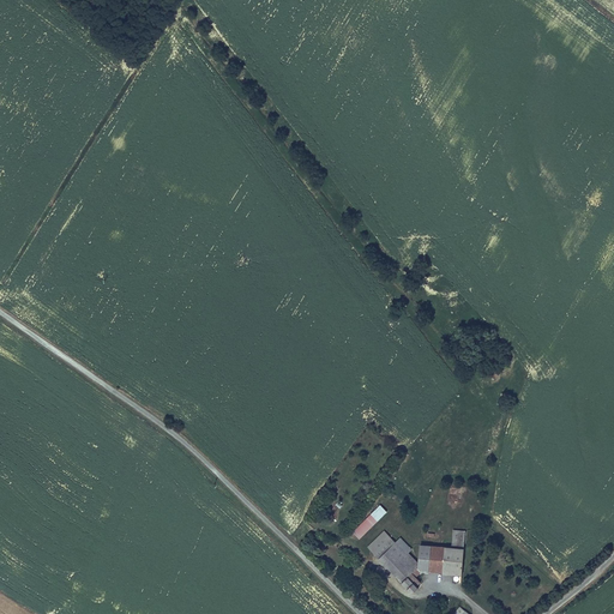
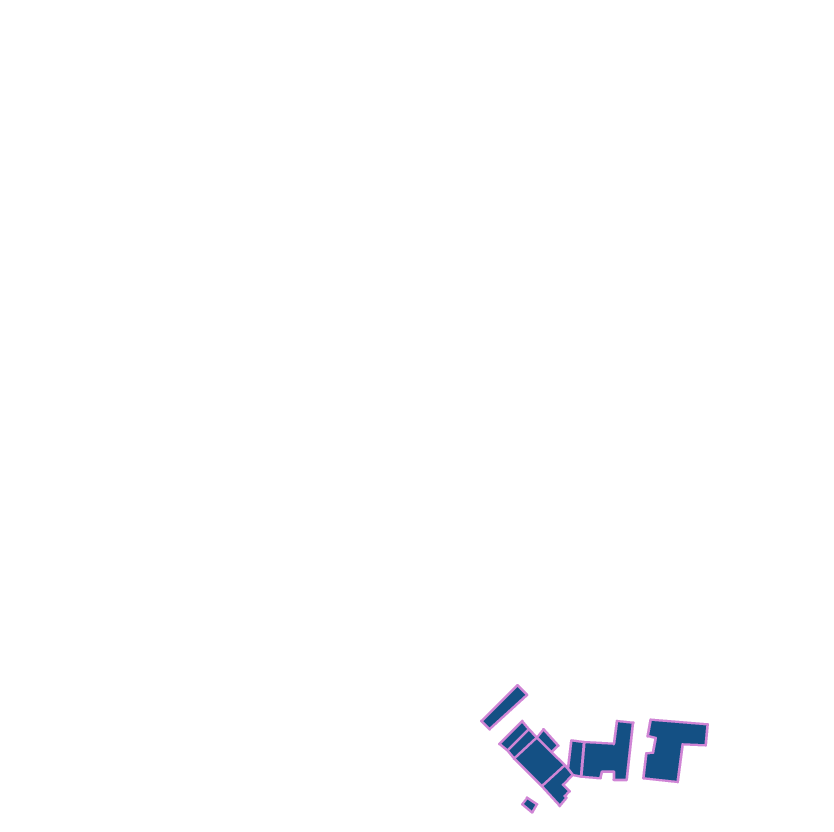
building: none -> [644,720,708,782]

